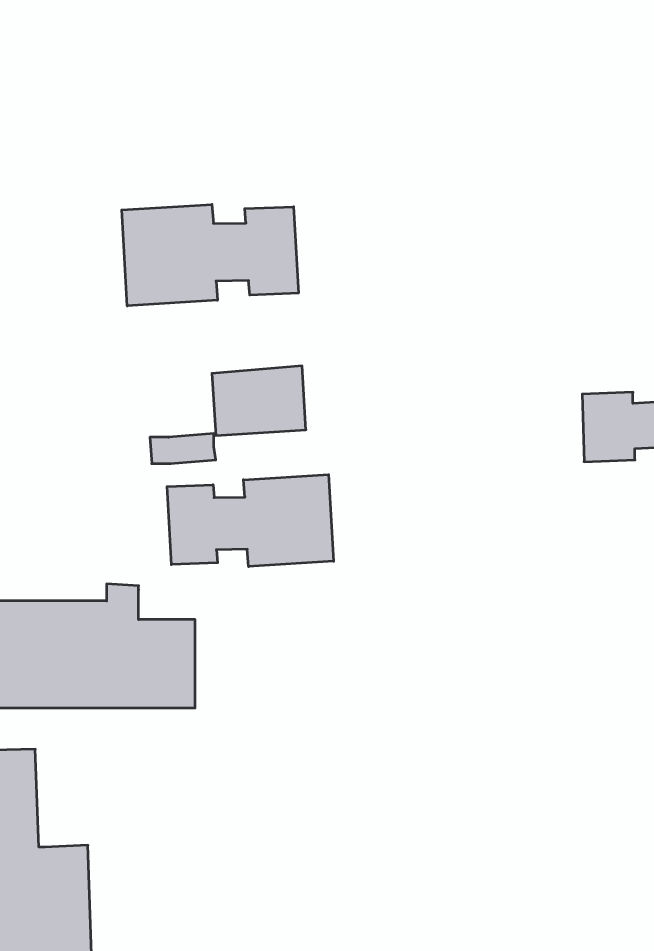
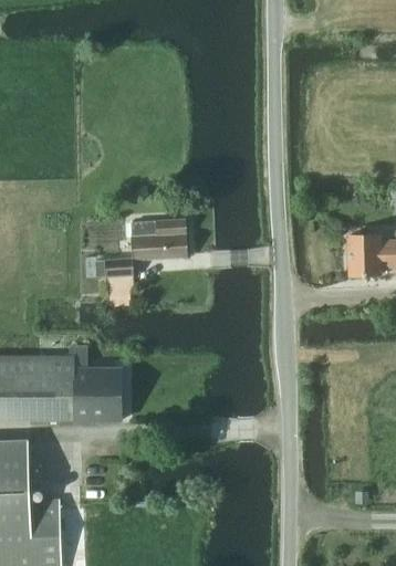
building: [122,204,298,306] -> none
building: [167,475,334,567] -> none

